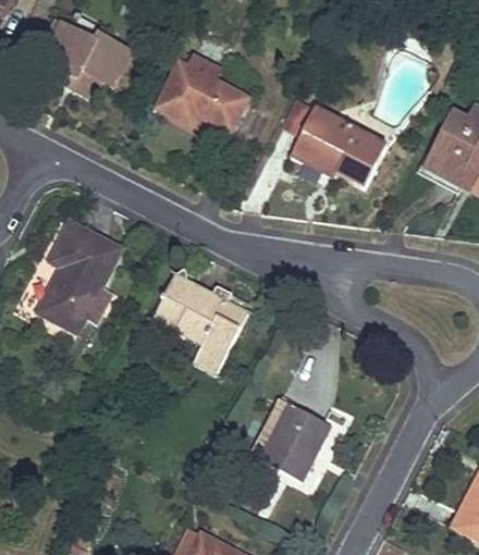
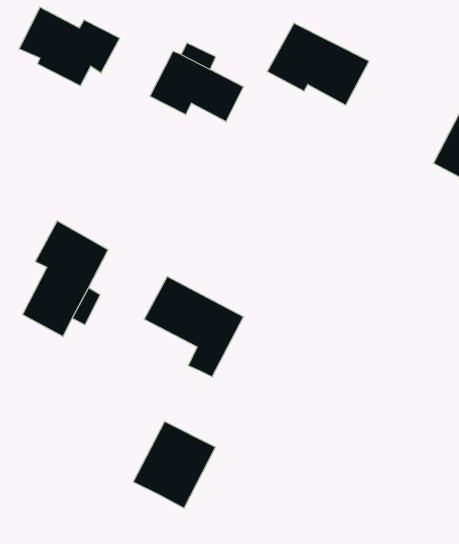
building: [291,108,386,185] -> [267,23,369,105]
building: [254,398,331,480] -> [133,422,215,508]

